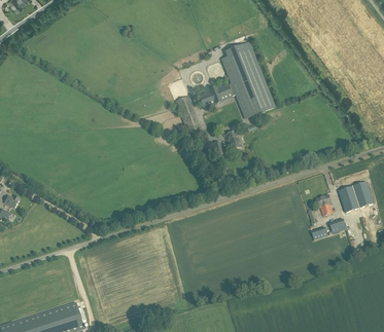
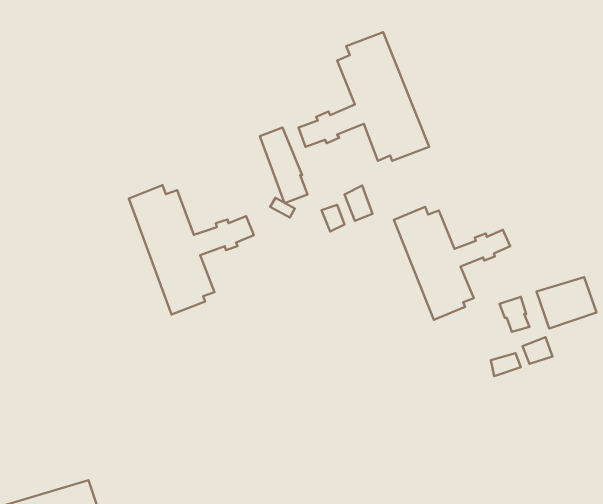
building: none -> [129,185,254,314]
building: none -> [394,207,510,320]

